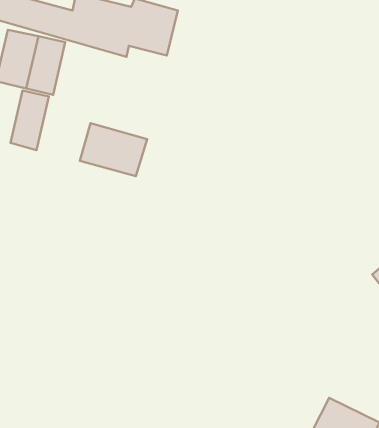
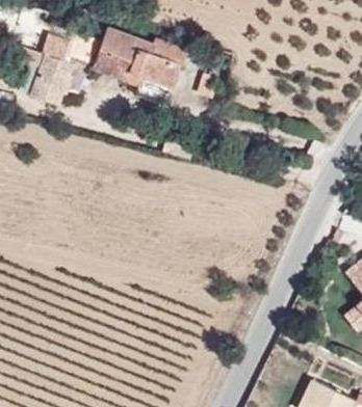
building: [11,91,49,150] -> none
building: [80,123,147,176] -> none

